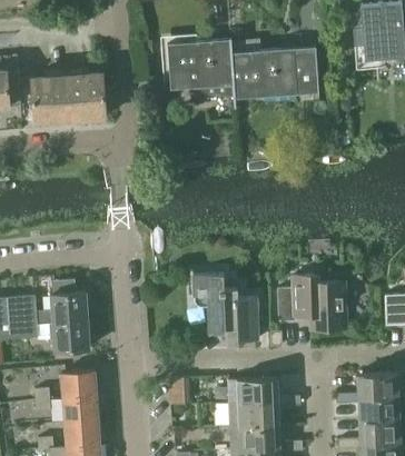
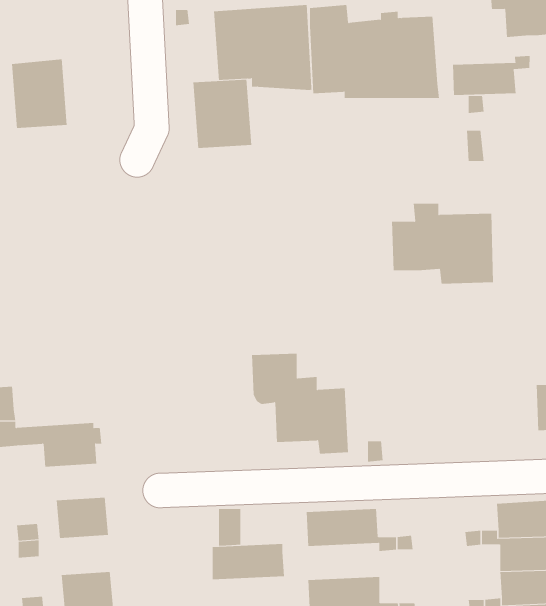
building: none -> [452,55,530,96]
building: [66,73,106,120] -> [193,79,252,148]
building: [277,276,346,330] -> [391,203,494,284]
building: [33,280,90,324] -> none
building: [63,396,98,423] -> none
building: [230,402,279,426] -> [212,544,285,580]

